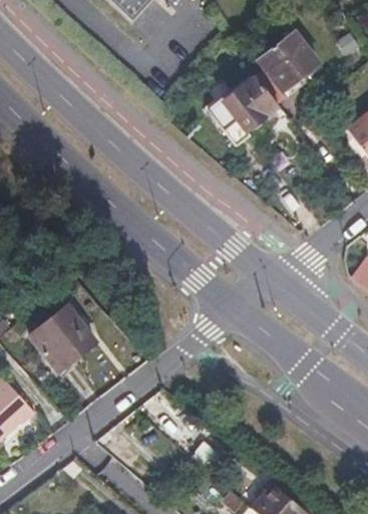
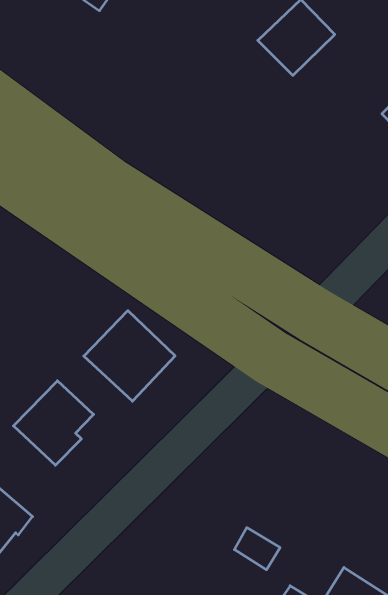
building: [210,75,280,142] -> none
building: none -> [84,311,175,401]

